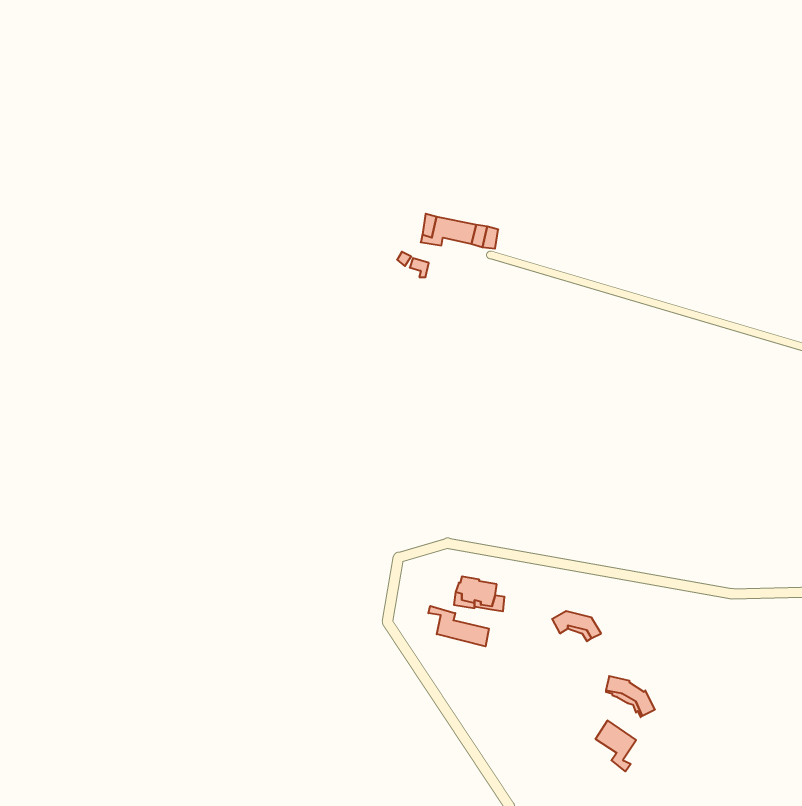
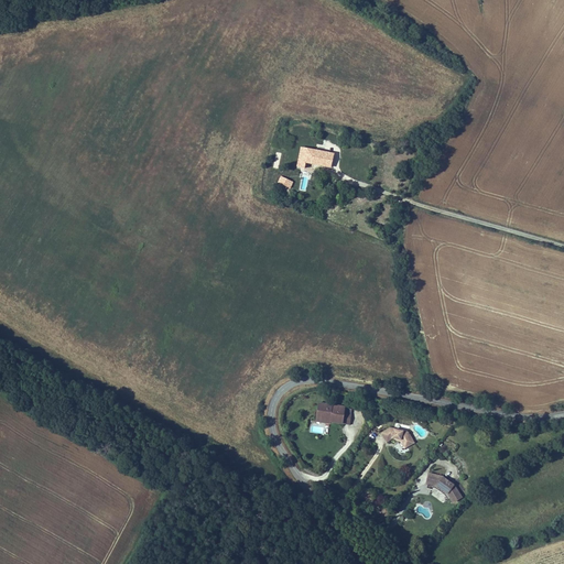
building: [428,606,489,646] -> none
building: [596,720,636,771] -> none

